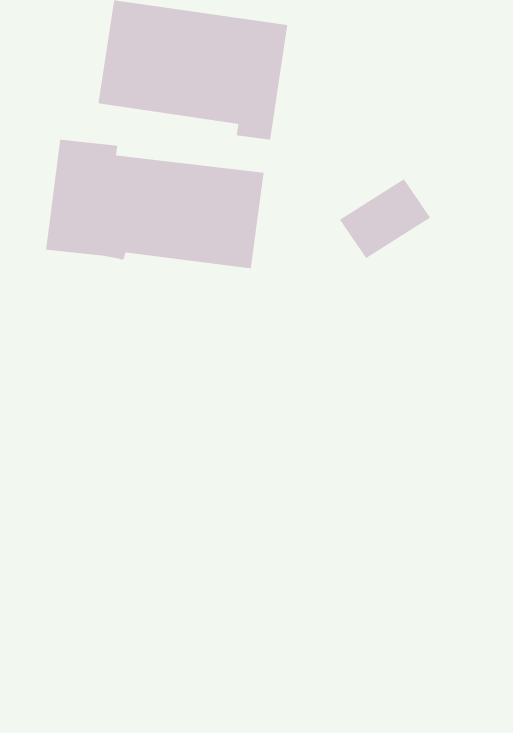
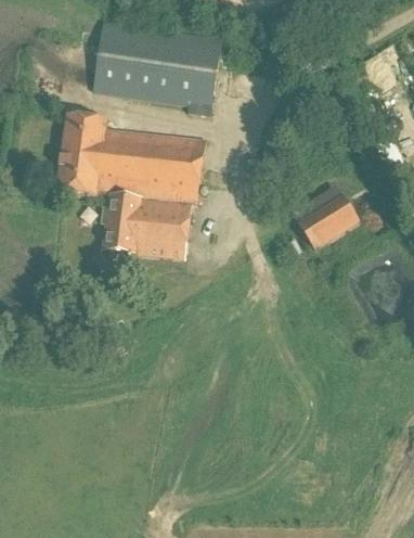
building: [339,178,431,259] -> [297,194,360,249]
building: none -> [102,192,197,257]

